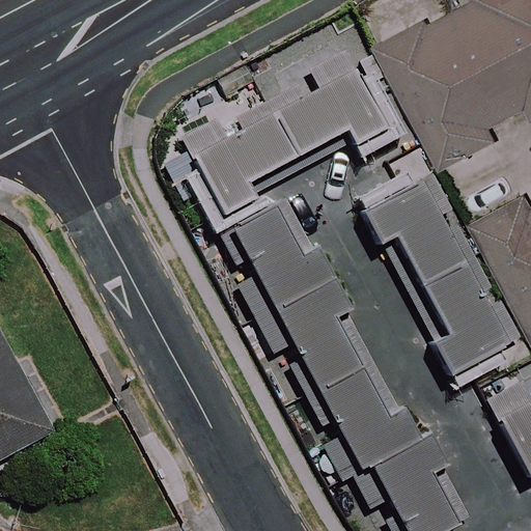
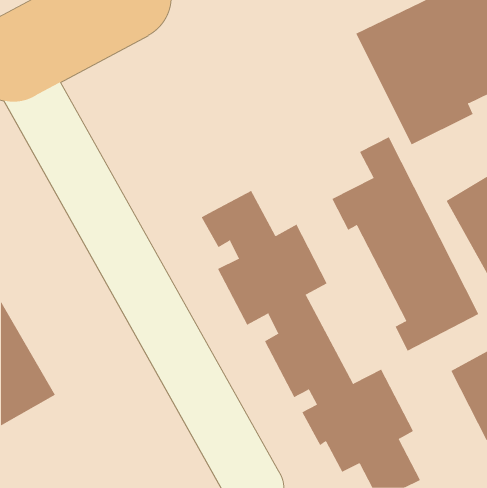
building: [177,40,387,215] -> none

